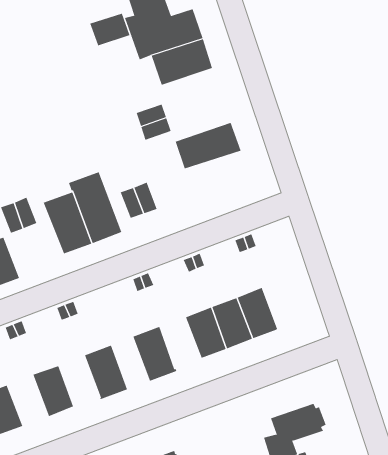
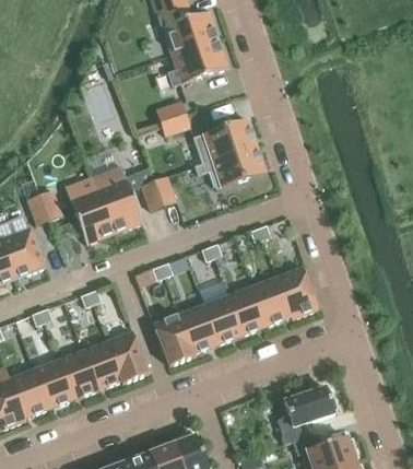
building: [90,13,130,47] -> none
building: none -> [193,146,264,189]
building: none -> [275,267,318,319]
building: none -> [178,305,217,354]
building: none -> [82,341,121,390]
building: none -> [33,360,72,409]

